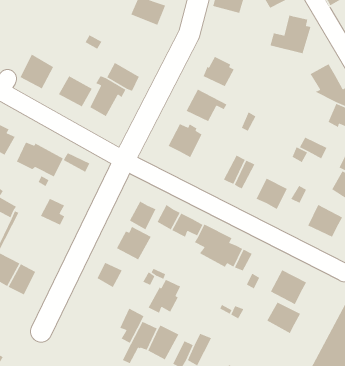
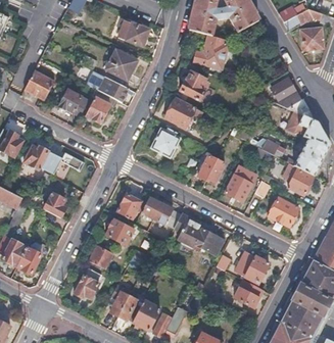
building: [270,14,312,54] -> [191,35,227,68]
building: none -> [104,50,136,80]
building: [147,279,181,314] -> [74,268,102,298]

